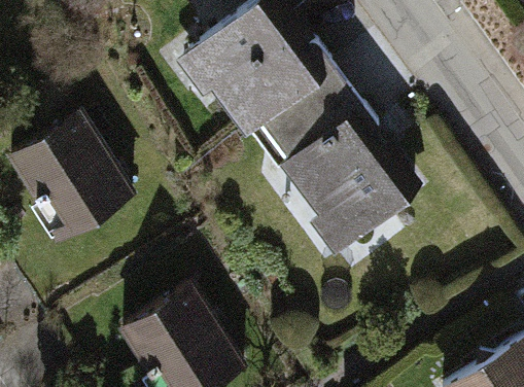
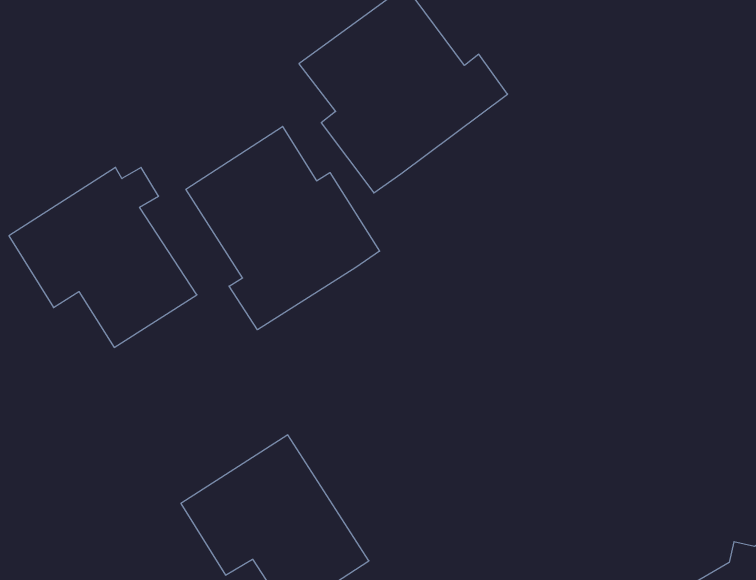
building: [263,68,413,239] -> none
building: none -> [186,126,380,330]

